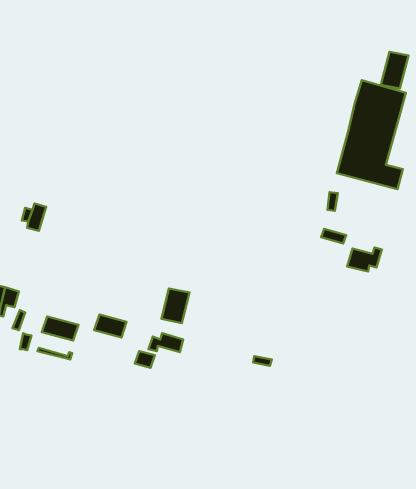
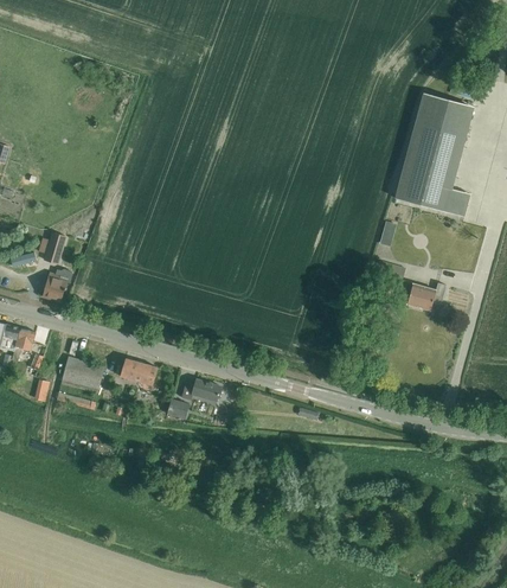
building: [381,52,409,89] -> none
building: none -> [43,268,73,301]
building: [161,289,189,323] -> none

